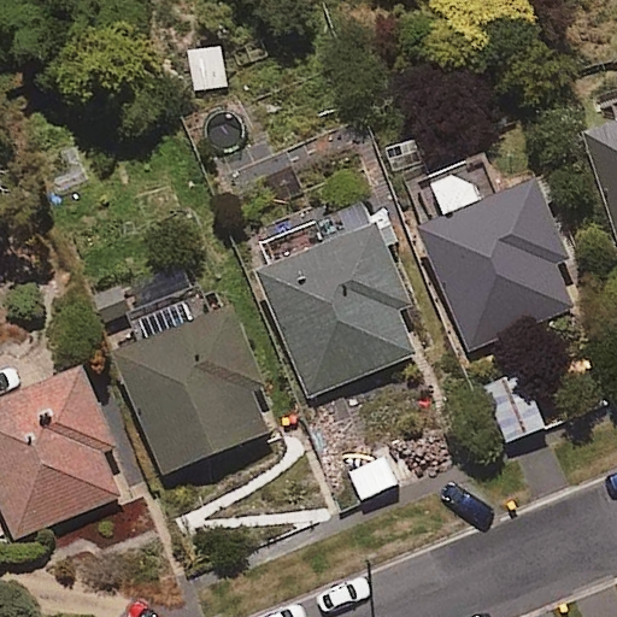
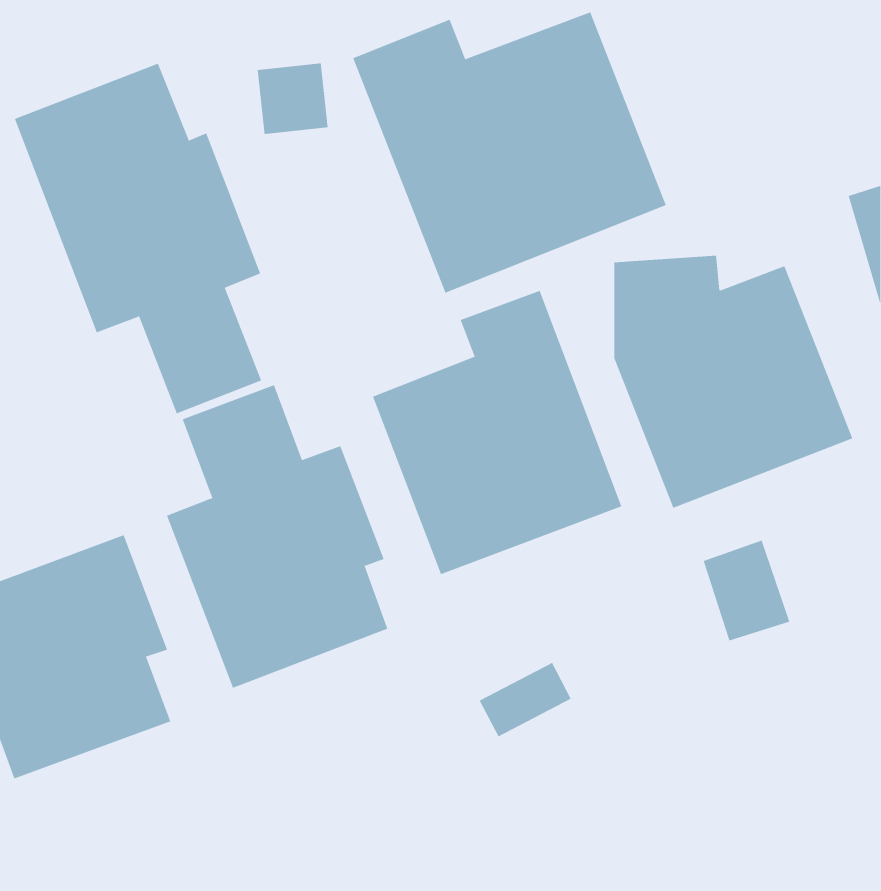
building: none -> [352,11,666,293]
building: none -> [14,63,262,414]

